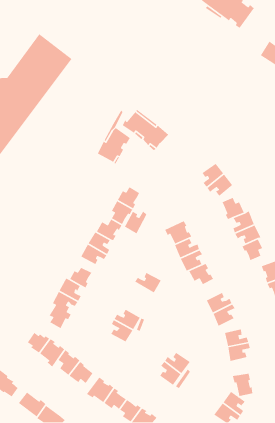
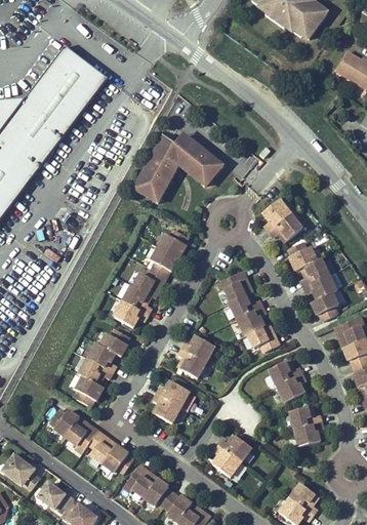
building: [124,211,148,234] -> none
building: none -> [176,349,205,378]
building: [232,373,253,397] -> none

